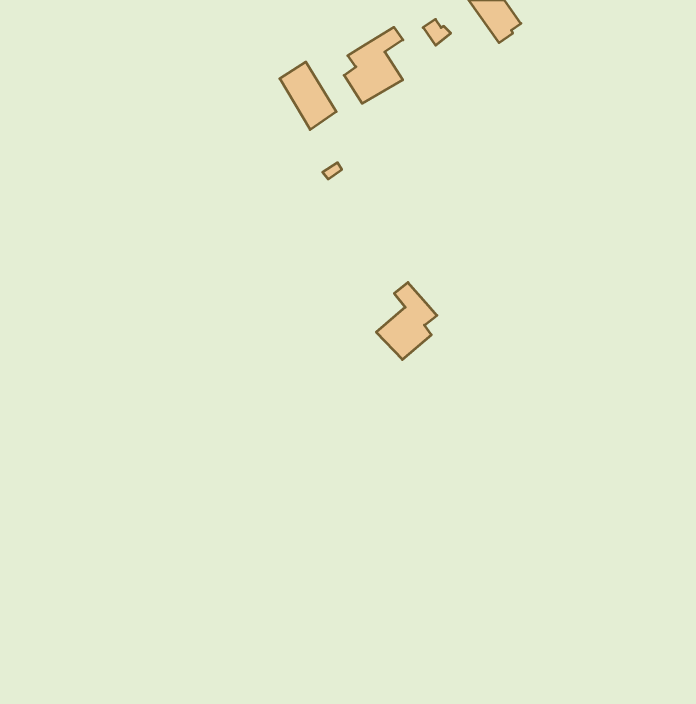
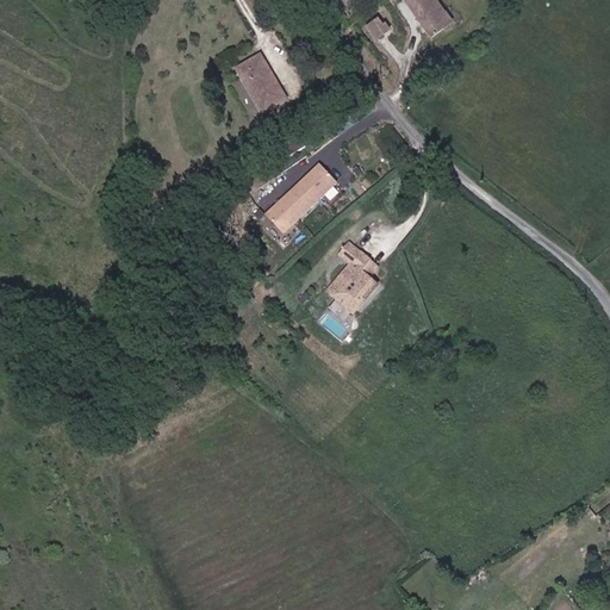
building: [344,27,403,103] -> none
building: none -> [254,164,328,236]

